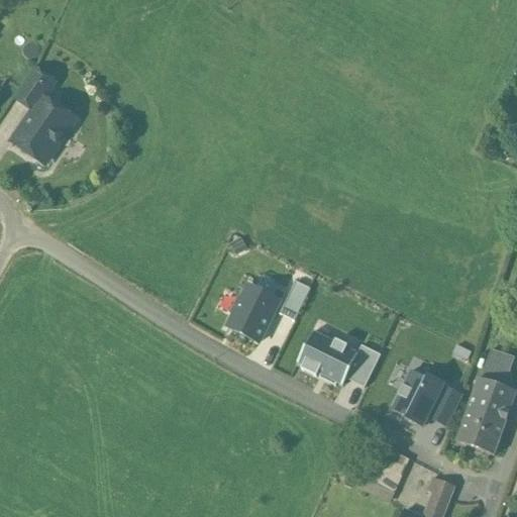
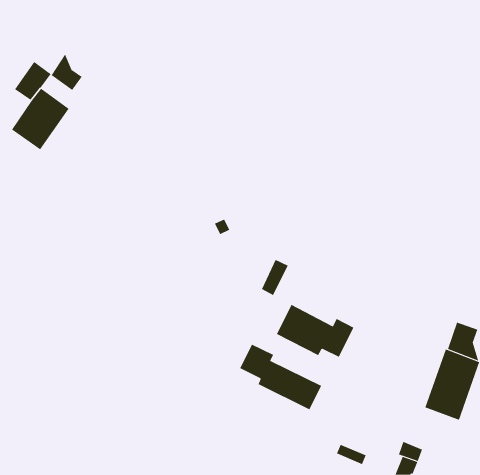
building: none -> [51,54,82,91]
building: [224,280,283,342] -> none
building: [391,367,463,425] -> none
building: none -> [239,344,322,410]

